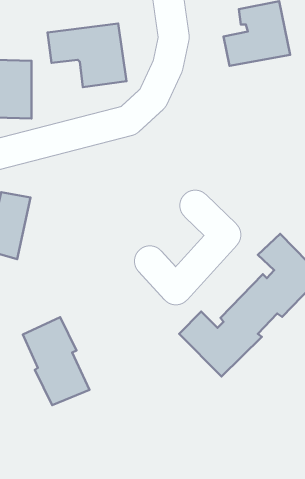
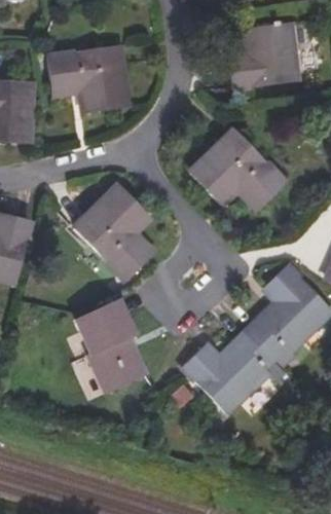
building: none -> [190,127,282,199]
building: none -> [76,184,147,276]
building: [23,317,90,405] -> [77,298,145,388]

